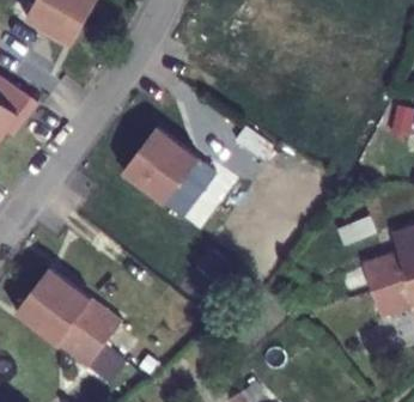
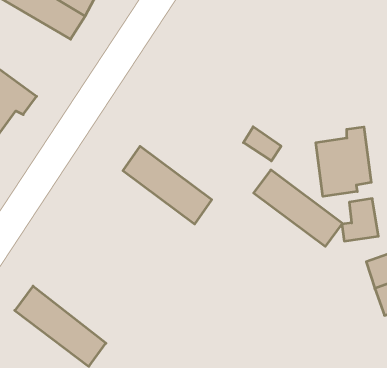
building: [139,128,226,203] -> [254,170,342,246]
building: none -> [316,127,371,196]
building: [34,267,122,345] -> none

